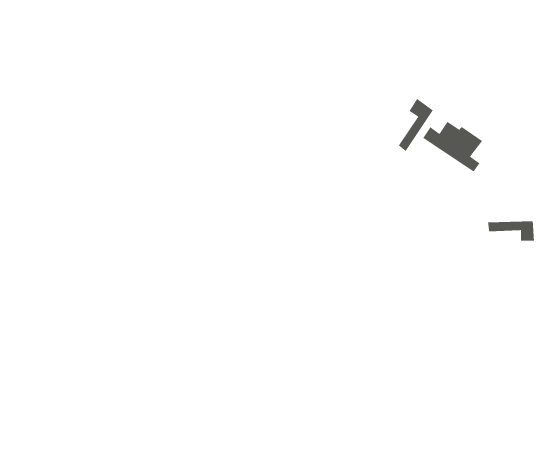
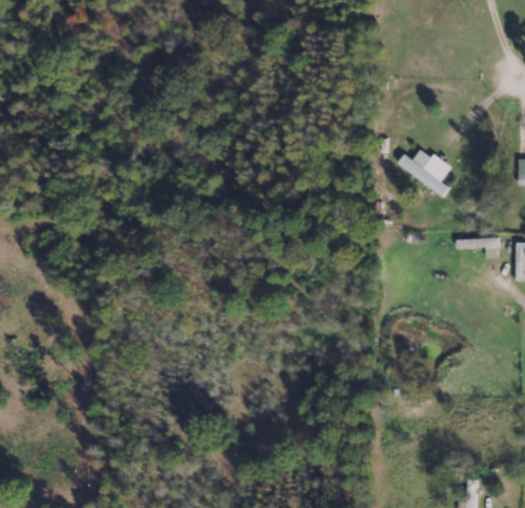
building: [398,98,434,152] -> none

